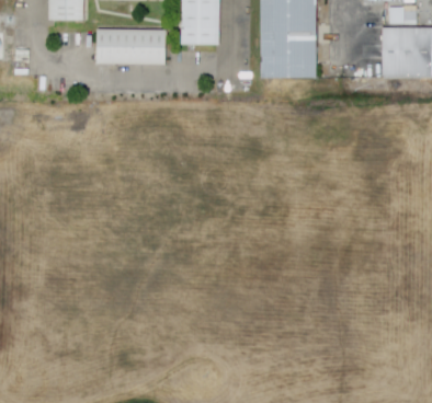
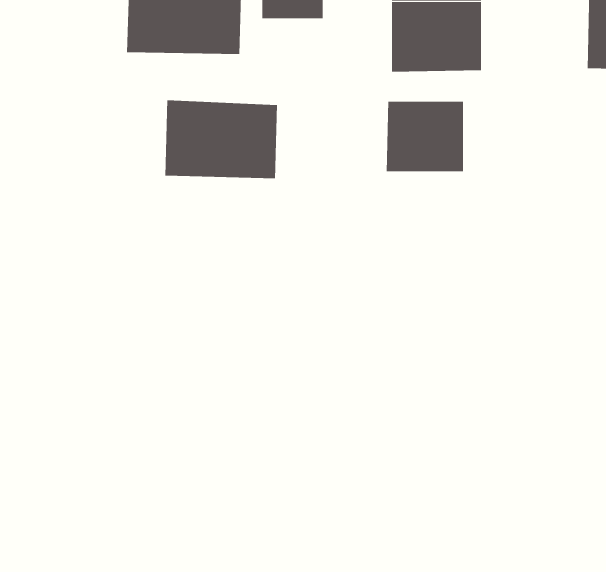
building: none -> [165,100,278,179]
building: none -> [386,101,463,172]

